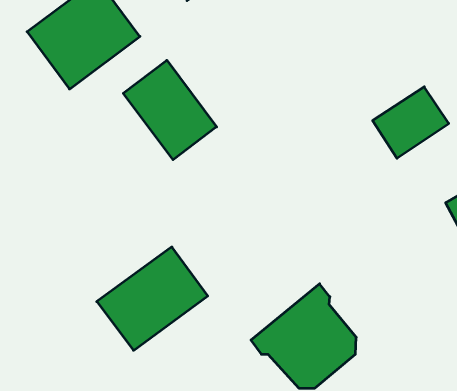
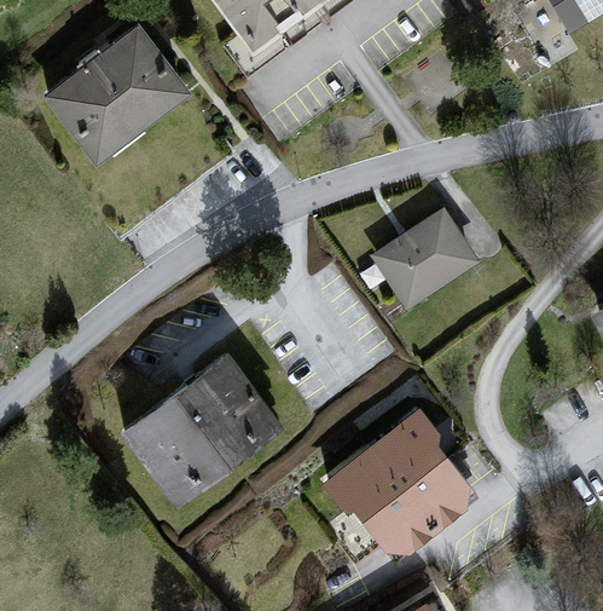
building: [123,60,217,160] -> none
building: [373,87,449,158] -> [378,213,476,305]

